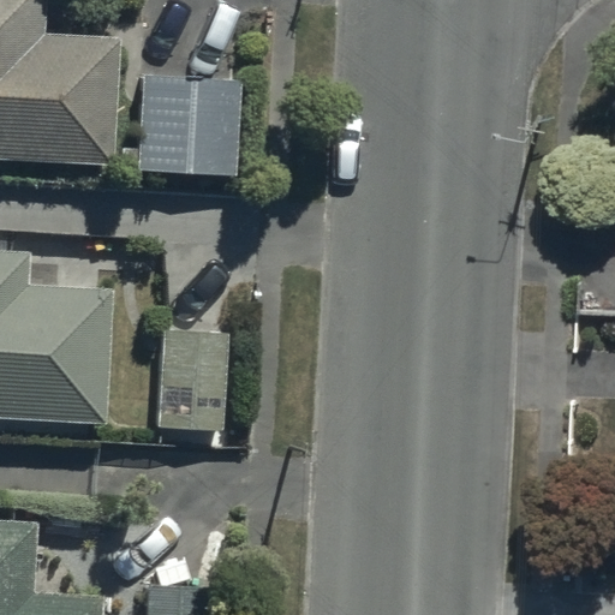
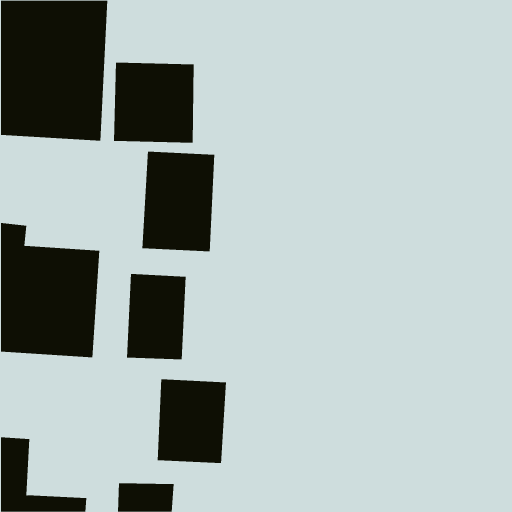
building: none -> [142,151,215,252]
building: none -> [157,379,226,464]

